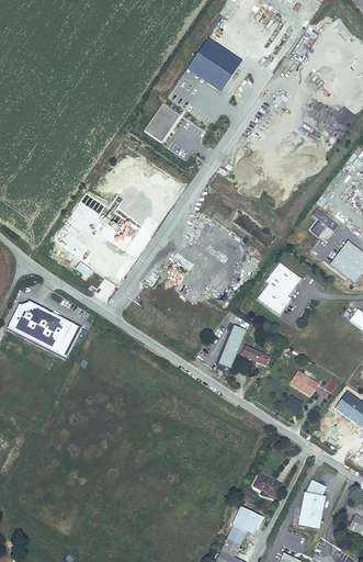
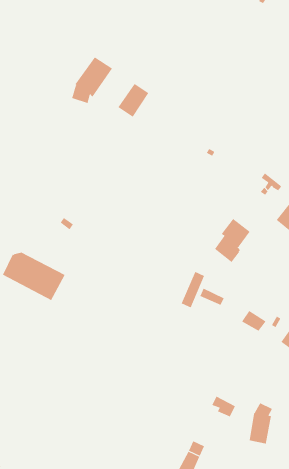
building: [186,42,239,92] -> none
building: none -> [71,56,113,104]
building: [231,505,261,533] -> none

